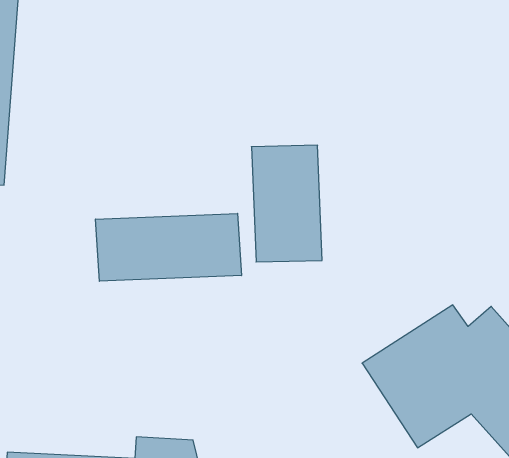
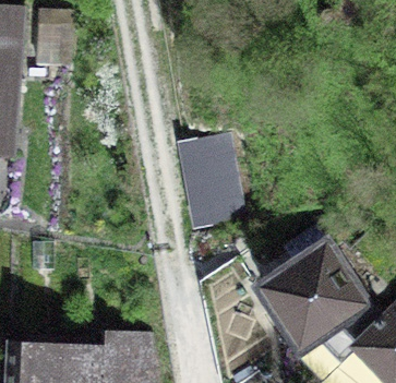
building: [96,213,241,281] -> none

